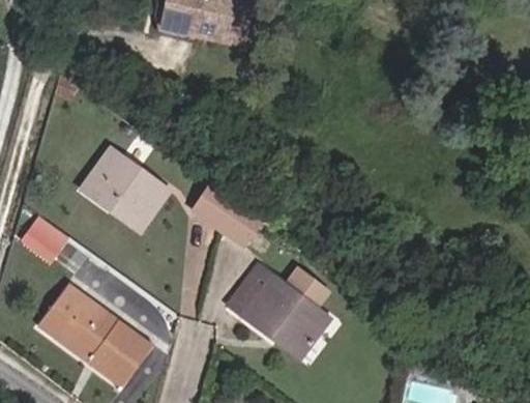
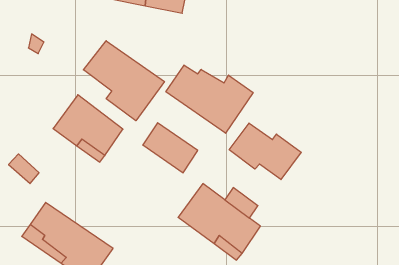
building: none -> [83,41,164,121]
building: none -> [166,65,253,133]
building: none -> [229,123,301,180]

